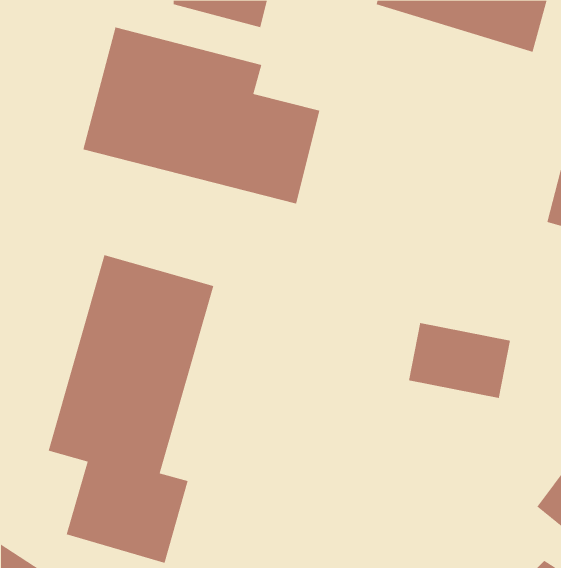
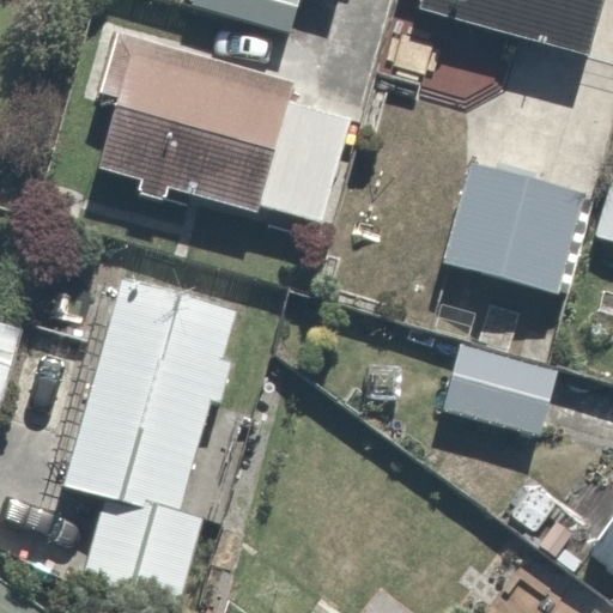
building: none -> [442,163,575,290]

